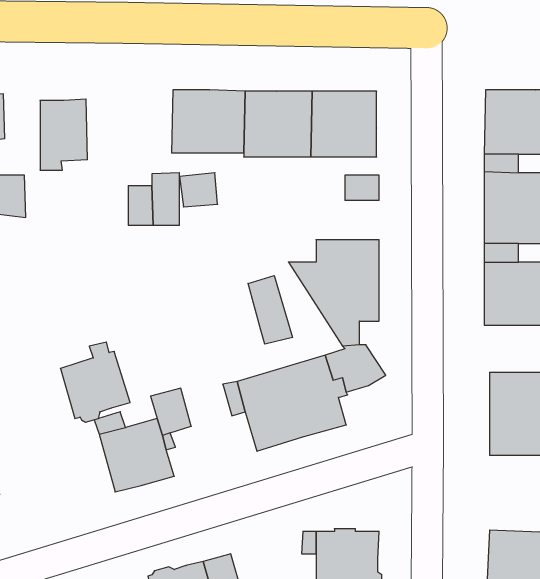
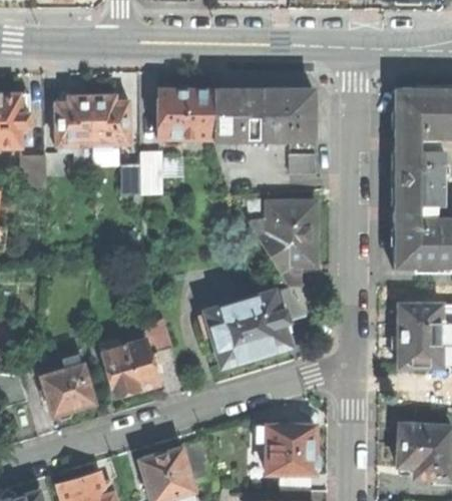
building: none -> [92,96,128,142]
building: [248,276,293,344] -> none
building: [60,342,130,422] -> [41,357,94,418]

